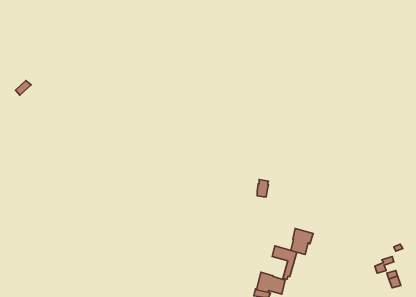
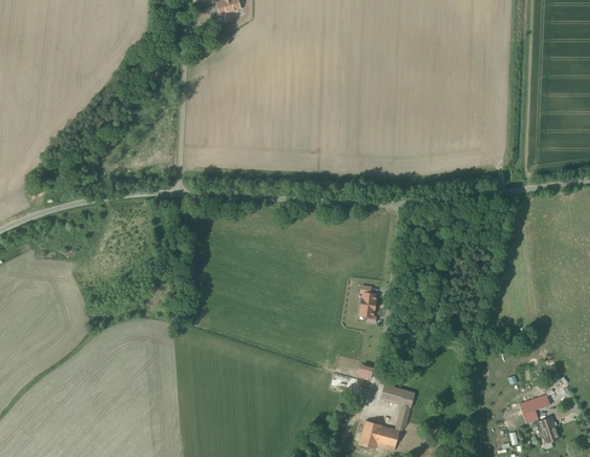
building: [291,228,313,254] -> none

